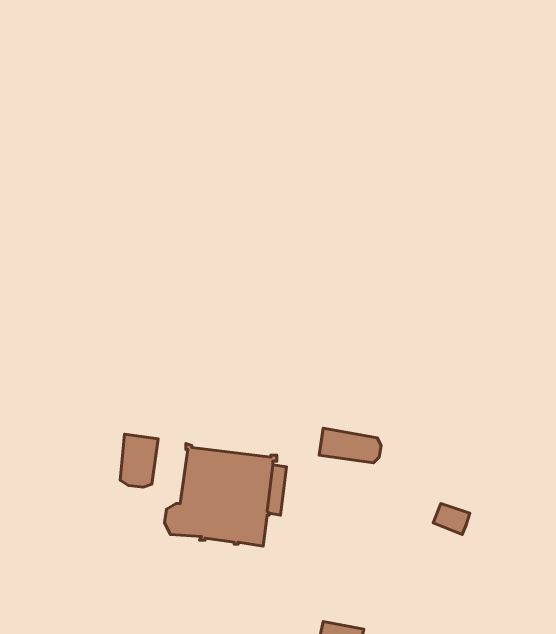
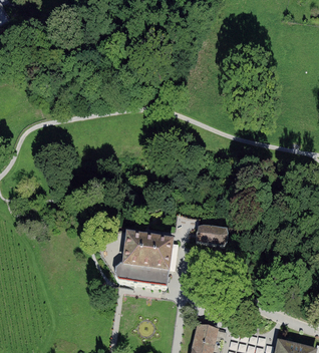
building: [120,434,158,487] -> none

